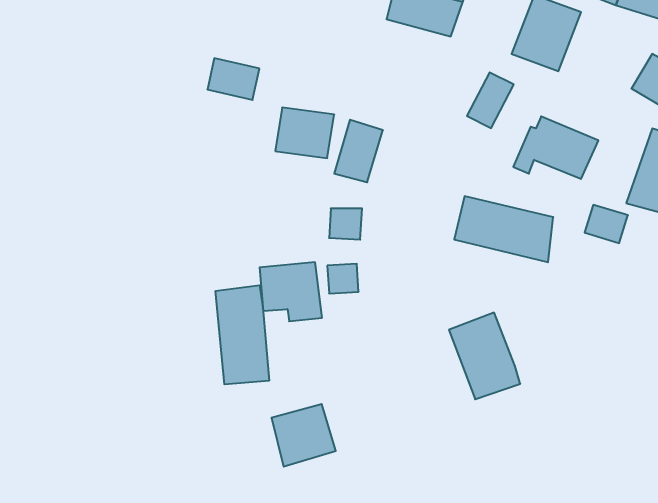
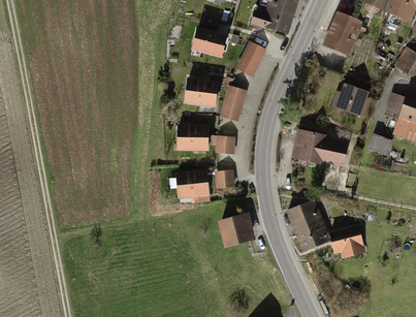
building: [207,58,259,100] -> [192,29,223,54]
building: [467,72,514,128] -> [236,41,264,74]
building: none -> [175,124,209,150]
building: [216,285,269,384] -> none
building: none -> [325,223,364,257]
building: [271,404,336,467] -> [217,213,255,250]

